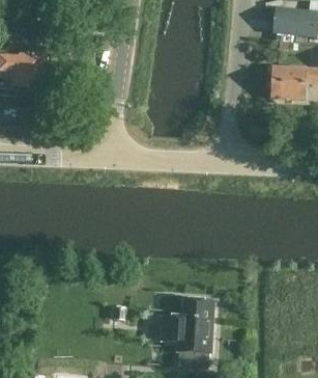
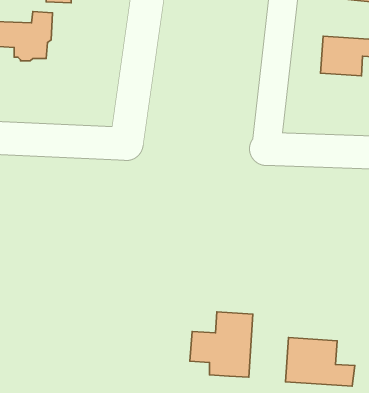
building: none -> [286,337,355,386]

